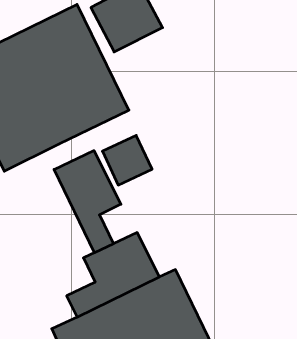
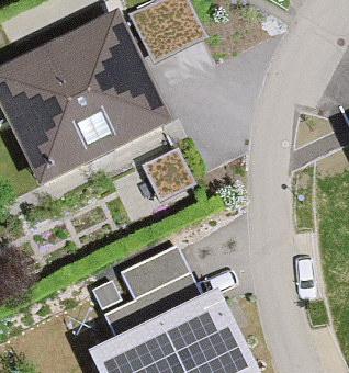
building: [54,151,121,253] -> none

